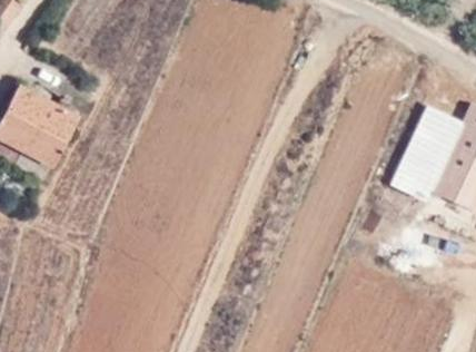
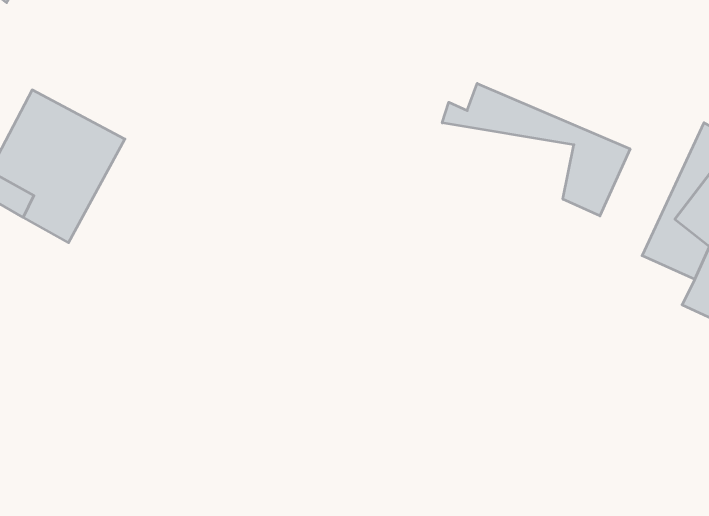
building: none -> [442,83,630,216]

